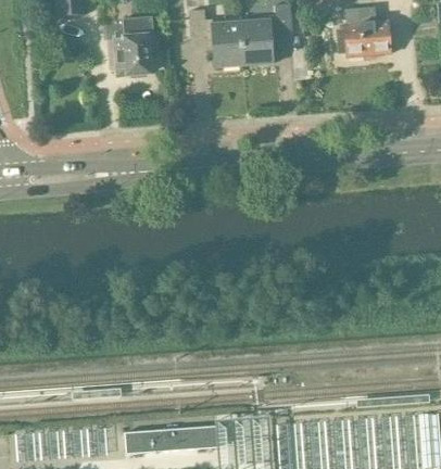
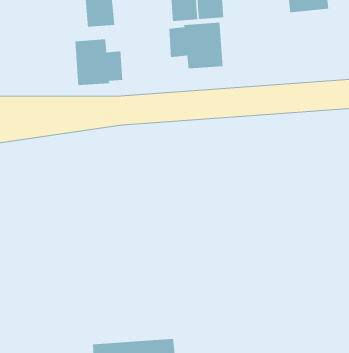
building: none -> [169,22,223,69]
building: none -> [75,39,123,86]

